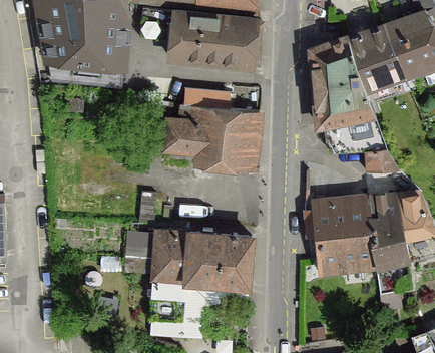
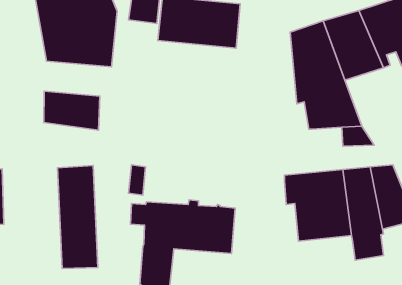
building: [145,90,259,169] -> none
building: none -> [44,91,100,130]
building: none -> [58,166,98,268]

